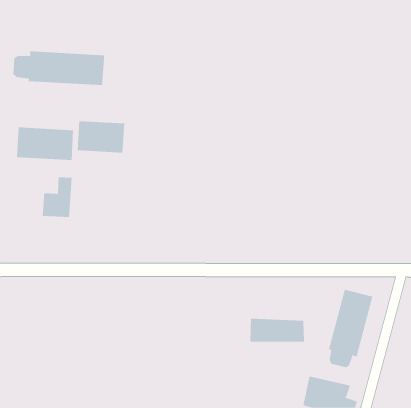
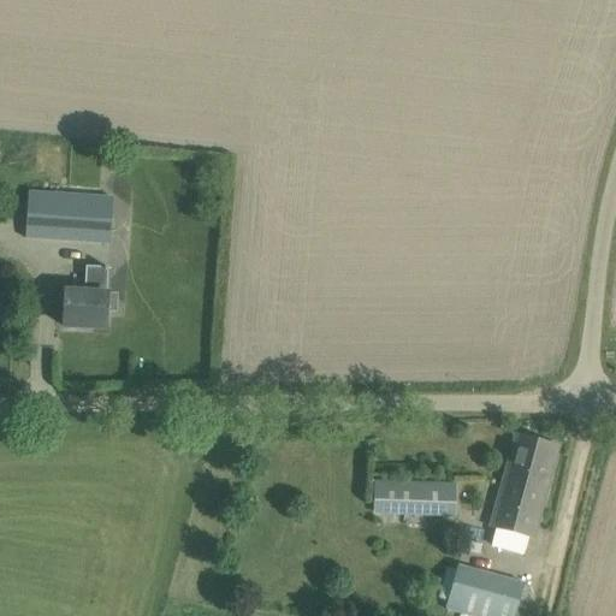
building: [13,51,105,86] -> none
building: [77,120,125,153] -> none

